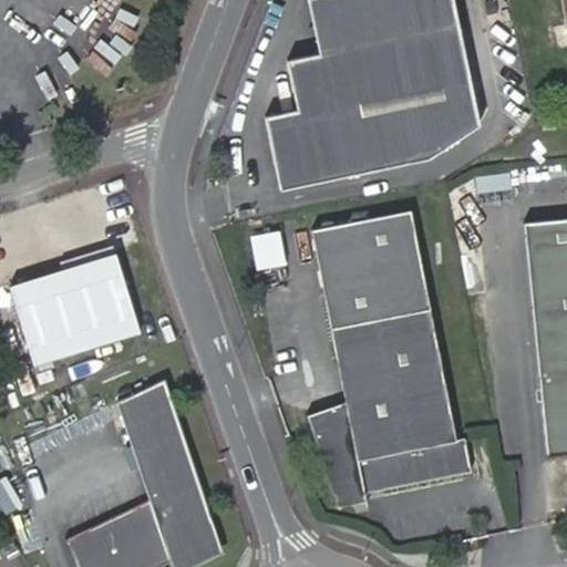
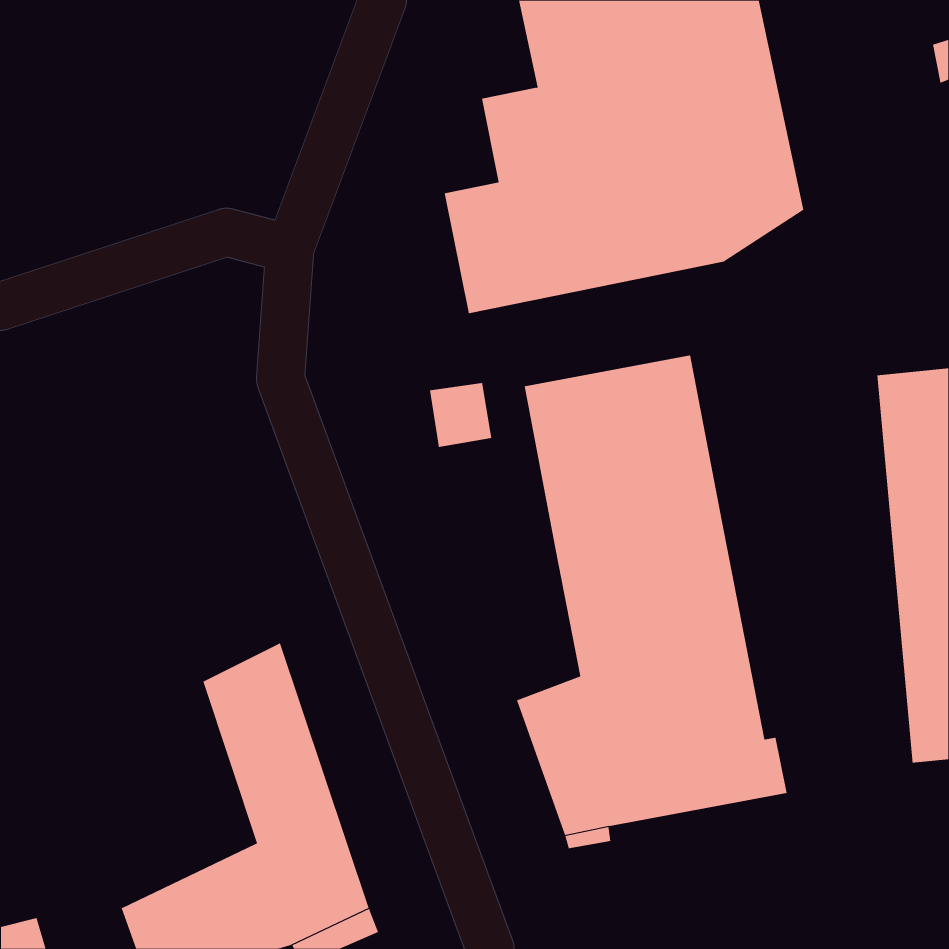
building: [9,257,141,371] -> none

